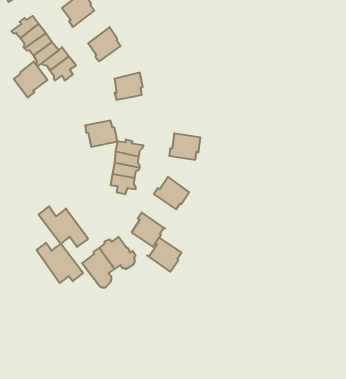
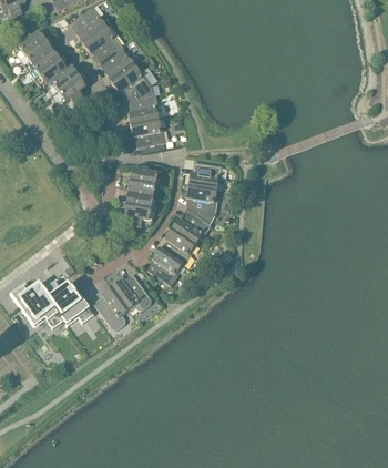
building: none -> [83,26,123,61]
building: none -> [112,64,157,100]
building: [14,61,47,98] -> none
building: [85,120,117,147] -> [131,118,166,146]
building: none -> [187,184,217,224]
building: [39,206,88,247] -> [10,283,64,327]
building: [147,237,181,272] -> [159,226,196,264]

